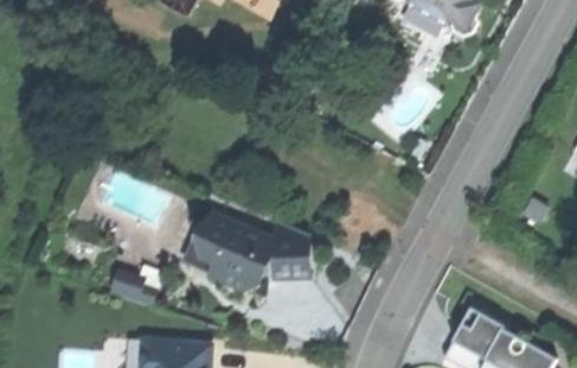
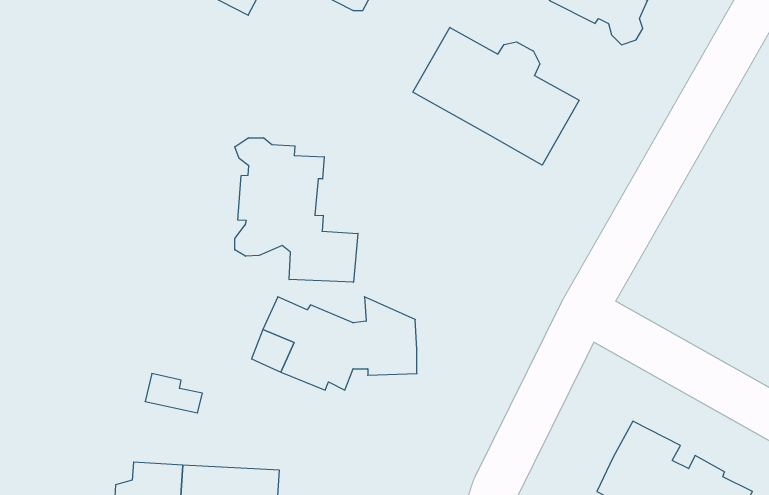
building: none -> [413,27,579,165]
building: none -> [235,138,358,282]

